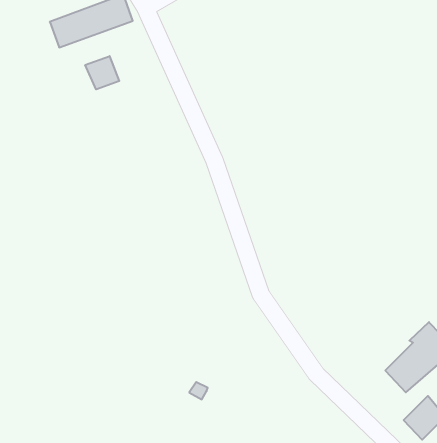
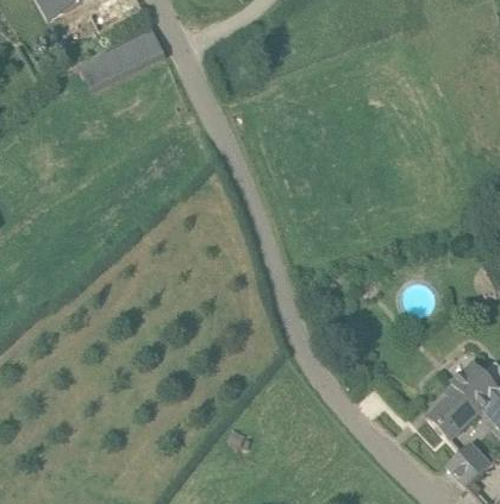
building: [85,56,119,89] -> none

